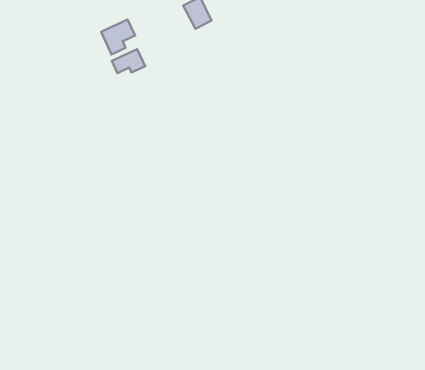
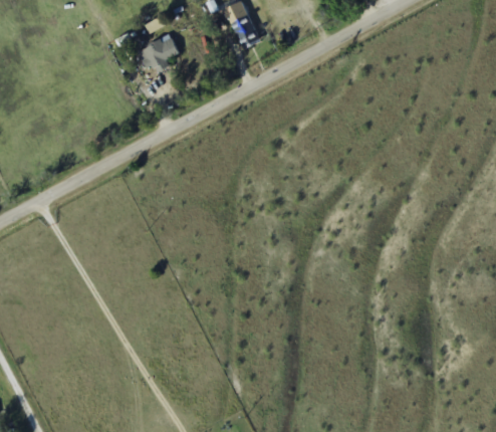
building: [112,49,145,73] -> none

